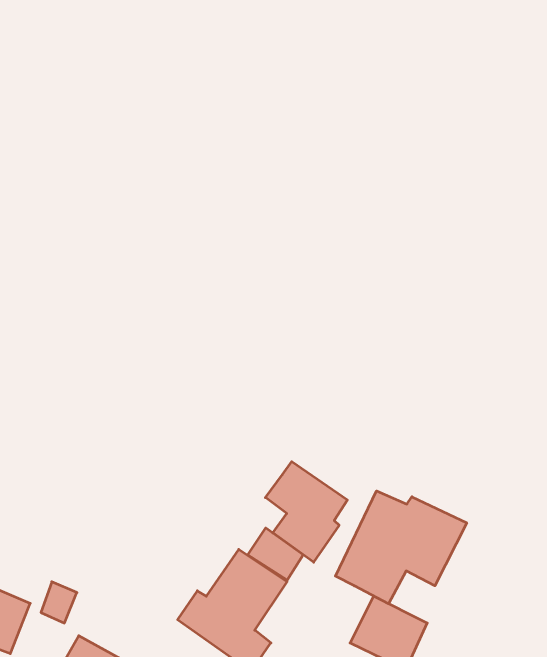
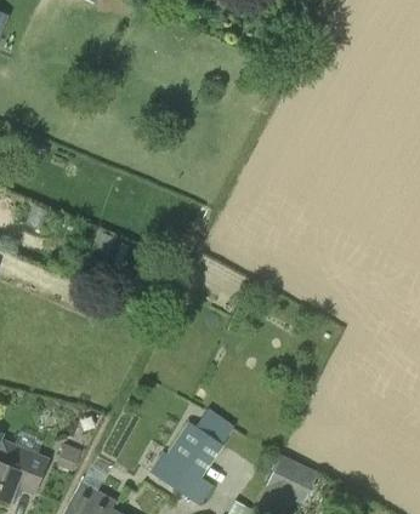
building: [265,462,347,562] -> none
building: [335,491,467,604] -> none

